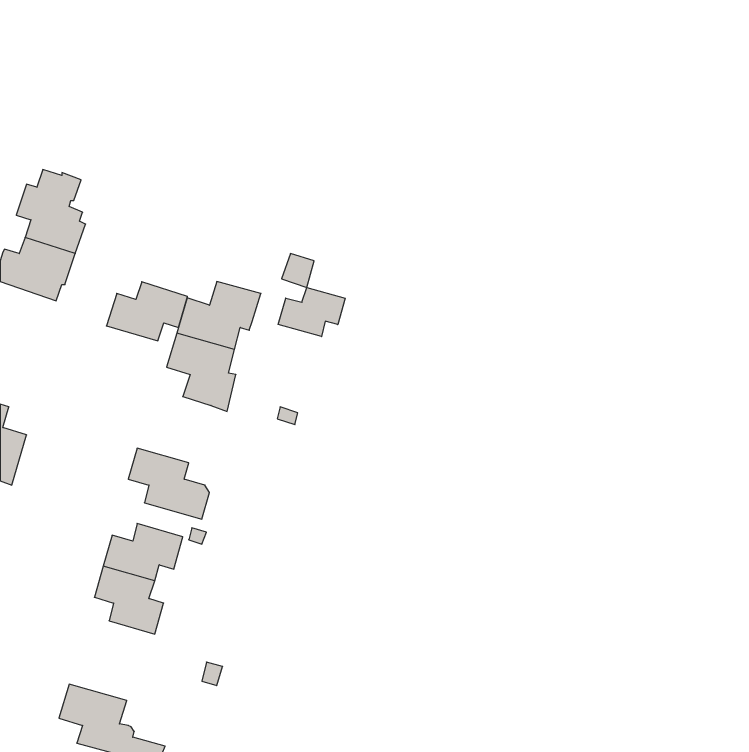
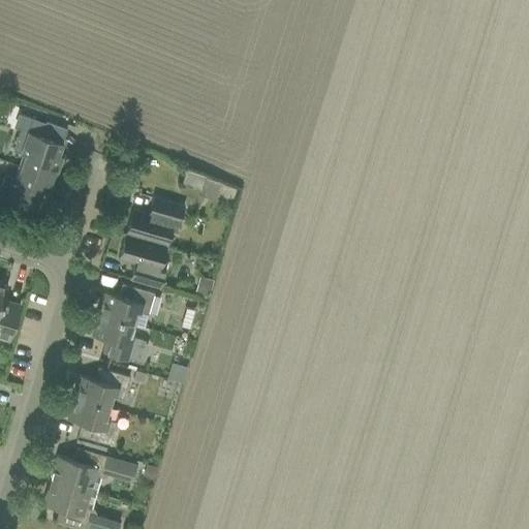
building: [106,282,187,341] -> [99,284,156,325]
building: [278,288,345,337] -> none
building: none -> [52,448,138,492]

